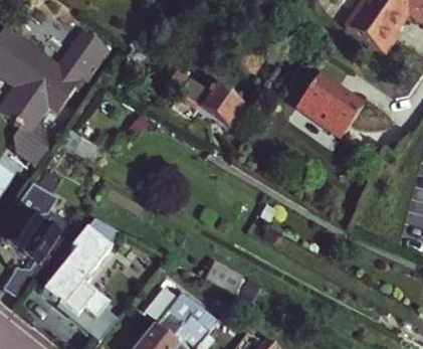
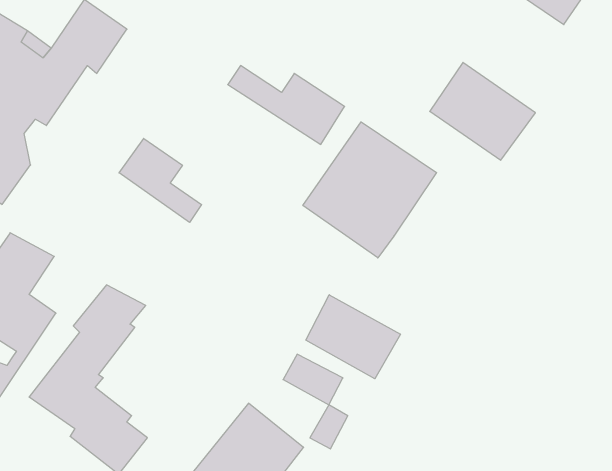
building: none -> [303,122,437,258]
building: none -> [119,138,202,222]
building: none -> [306,295,400,379]

